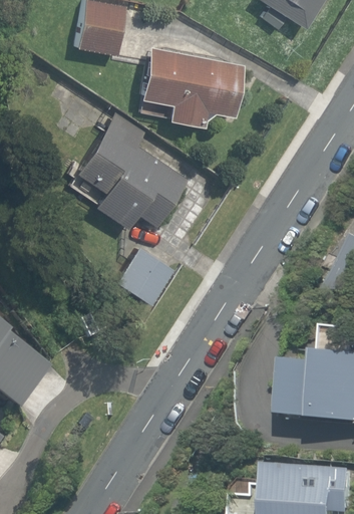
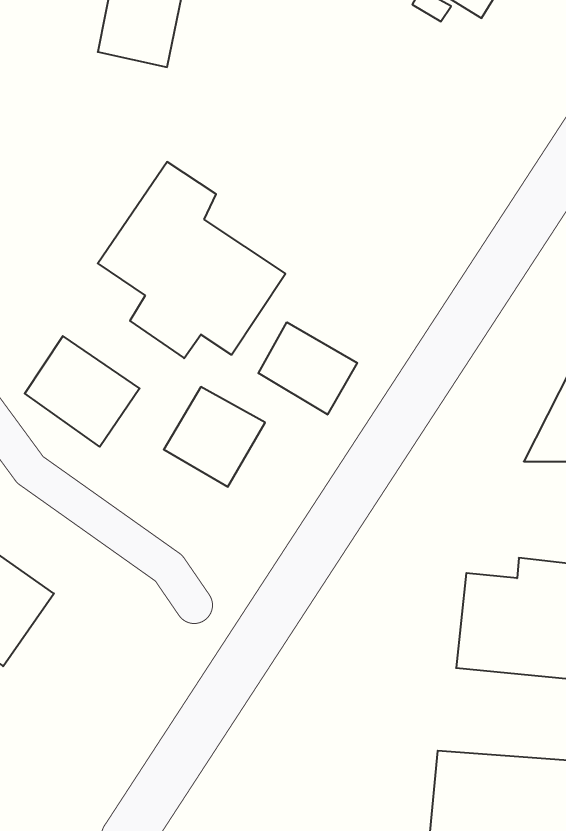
building: [138,46,243,126] -> none
building: none -> [258,322,357,415]
building: none -> [25,336,140,447]

